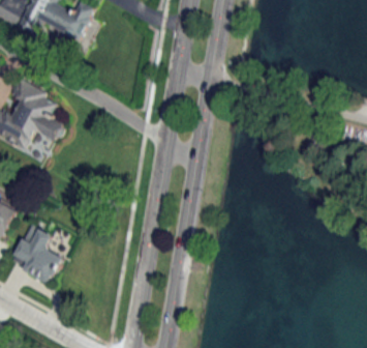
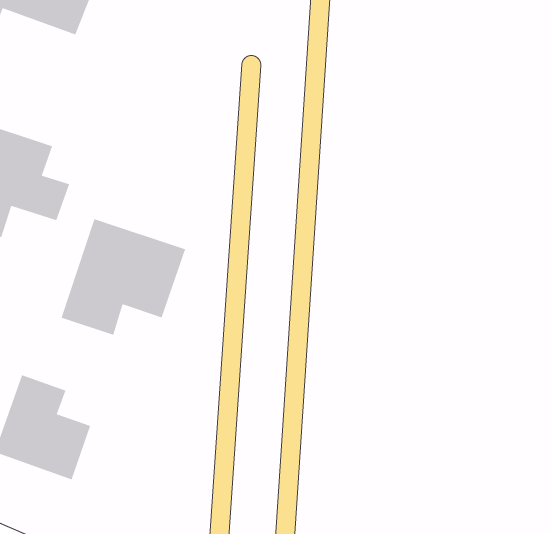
building: none -> [60,218,186,336]

